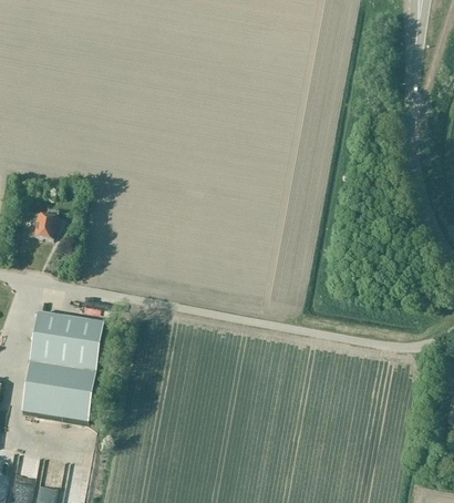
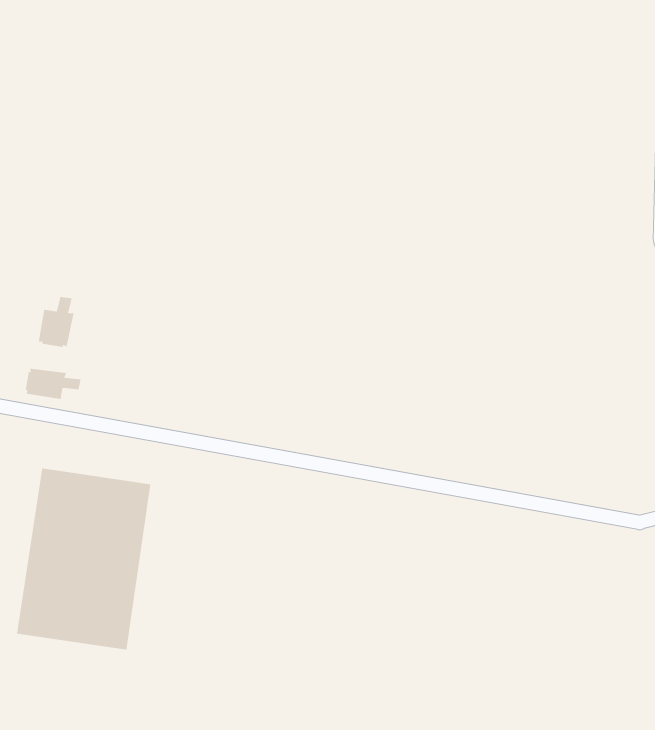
building: none -> [25,368,81,400]

